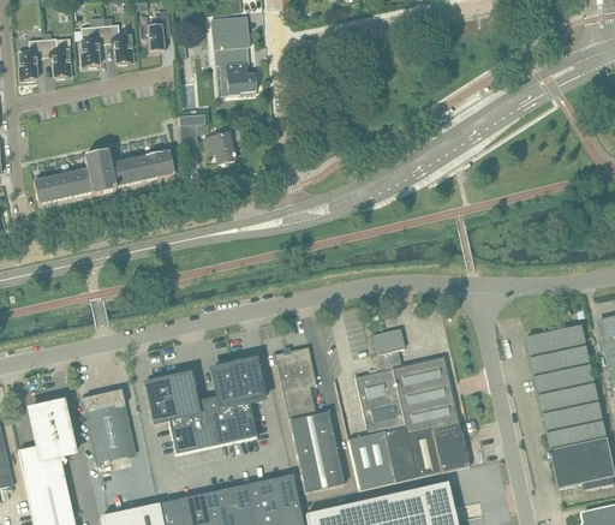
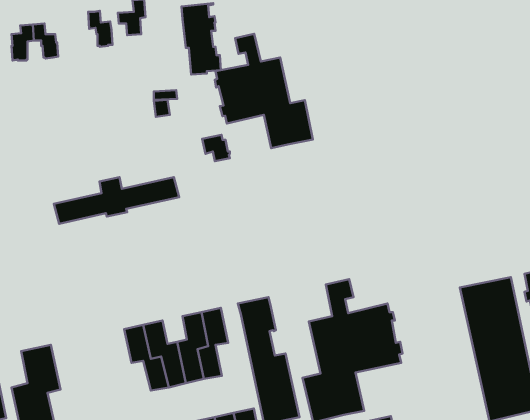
building: [80,24,106,66] -> none
building: none -> [215,34,313,148]
building: [203,133,234,163] -> [202,135,230,161]
building: [32,150,174,203] -> [54,177,179,224]
building: [82,388,135,460] -> none
building: [407,422,470,476] -> none

